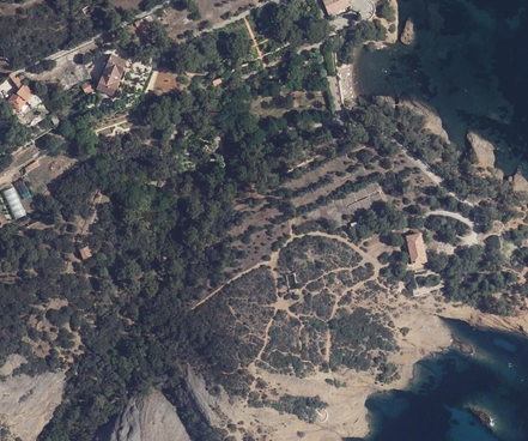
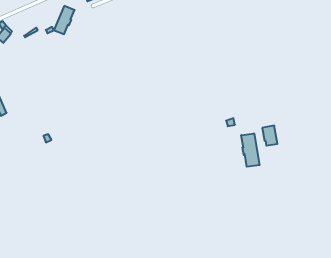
building: none -> [241,133,260,167]

